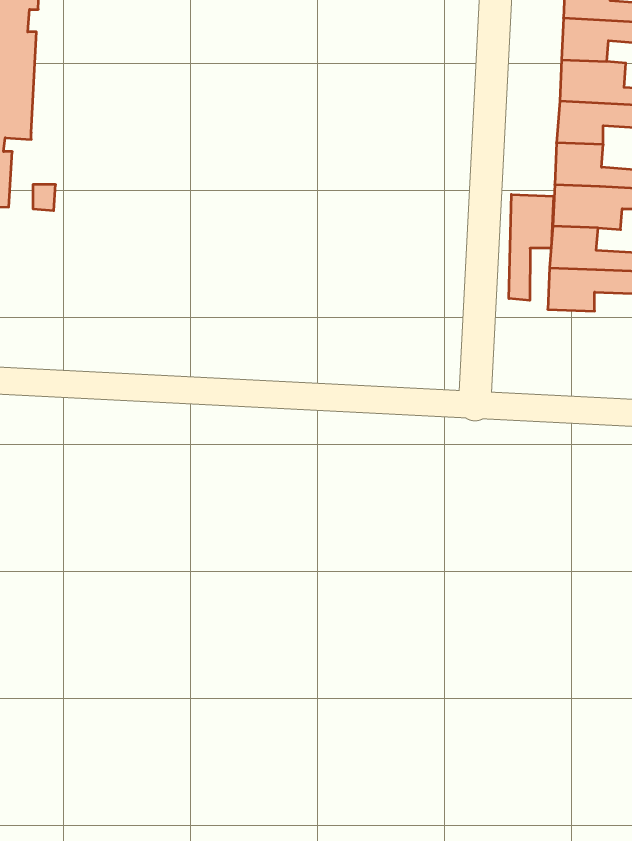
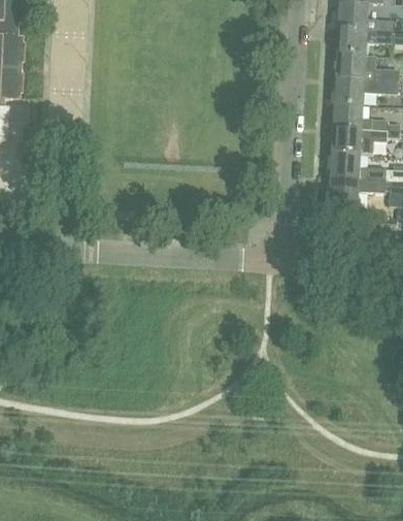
building: [509,194,553,300] -> none

